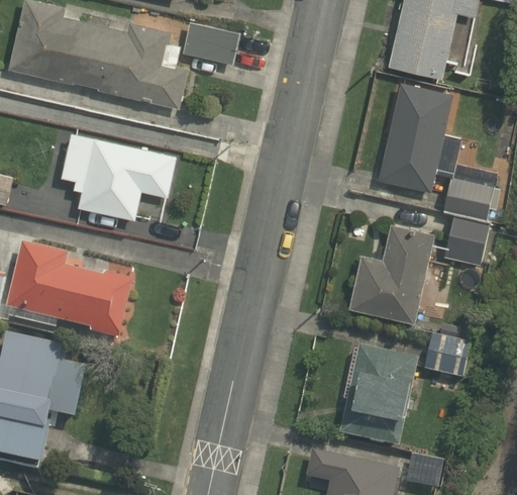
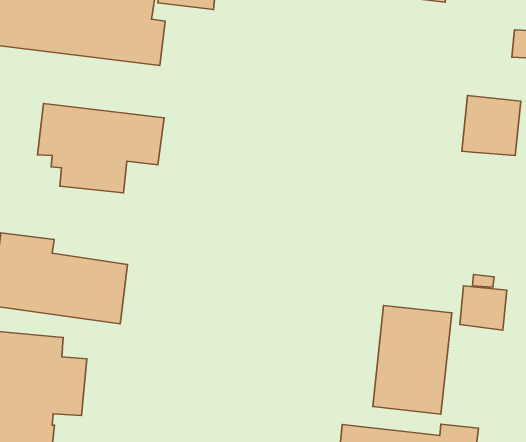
building: [378,79,453,193] -> none
building: [443,216,490,265] -> none
building: [347,222,435,324] -> none

